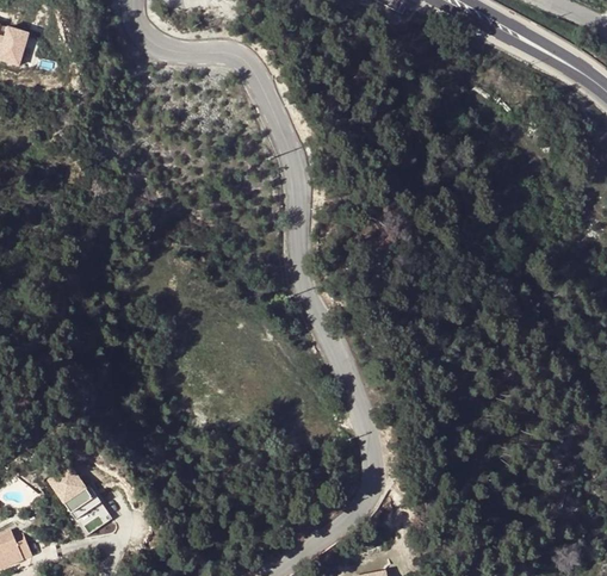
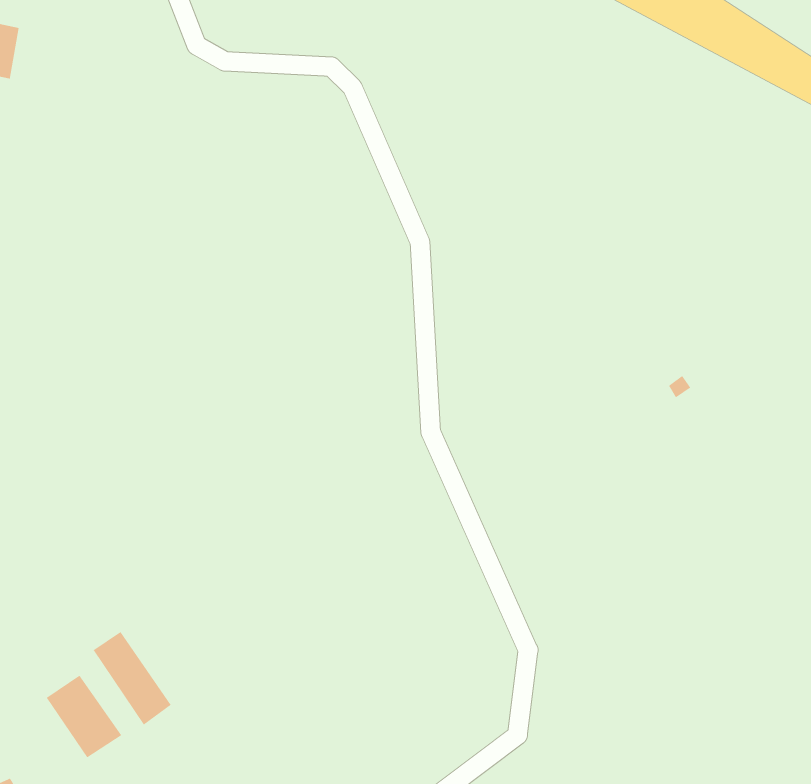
building: none -> [93,631,172,726]

